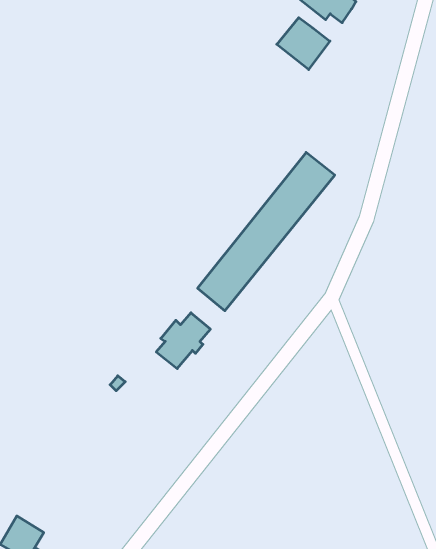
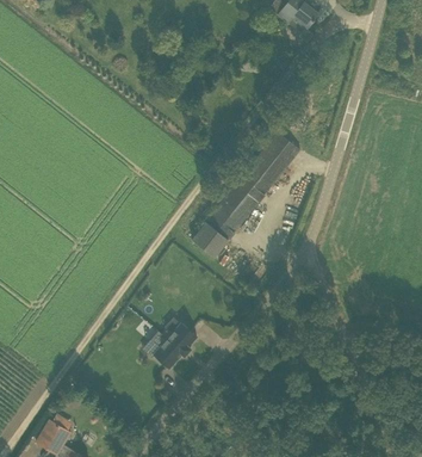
building: [277,18,330,70] -> none
building: [156,313,210,369] -> [155,325,198,369]

